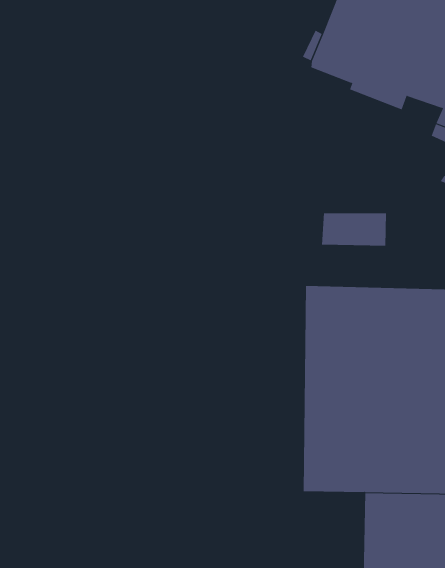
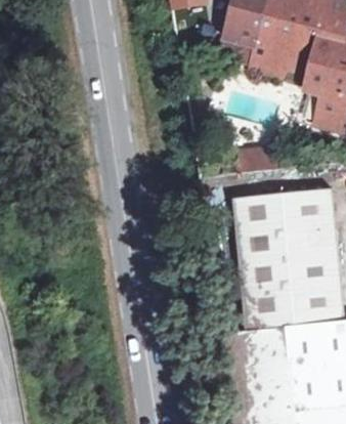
building: none -> [248,332,283,371]

